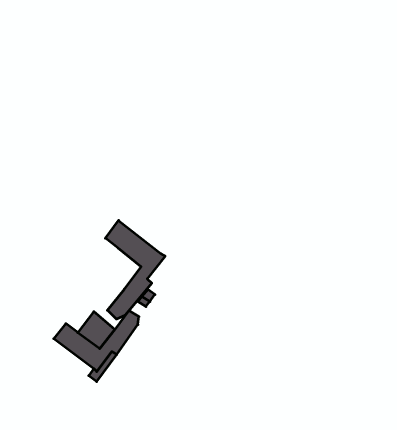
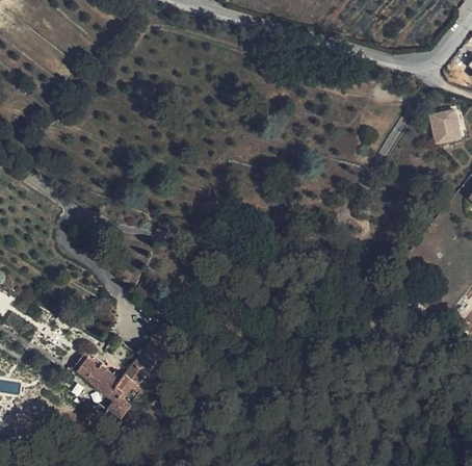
building: [105,220,165,319] -> none

